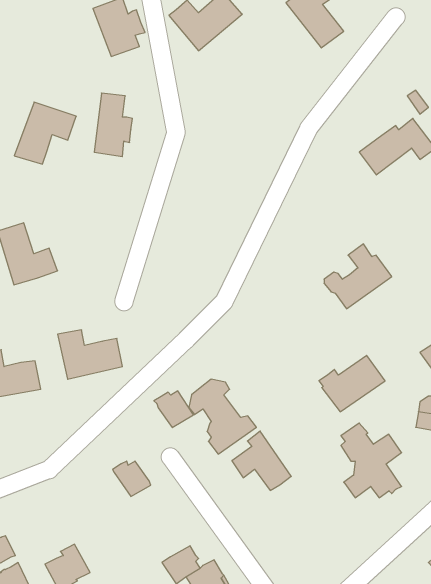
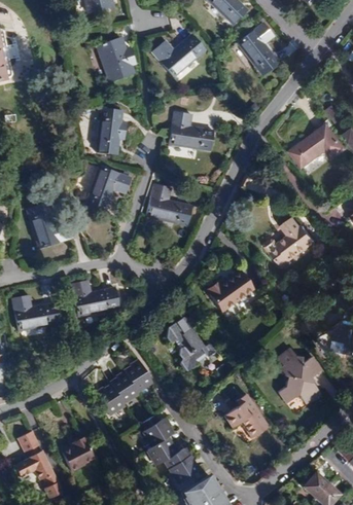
building: none -> [169,112,213,150]
building: [14,102,76,164] -> [84,167,130,212]
building: none -> [146,184,191,226]
building: [319,355,385,412] -> [206,270,254,312]
building: [154,391,193,428] -> [123,364,152,391]
building: [232,431,291,490] -> [224,394,268,437]
building: none -> [98,385,125,414]
building: none -> [142,416,173,446]

